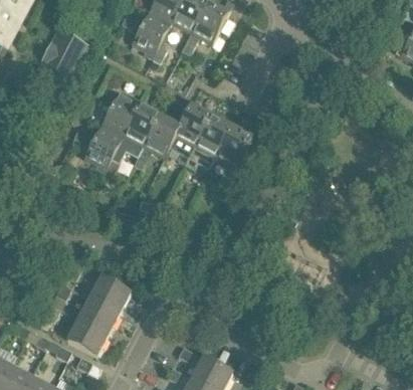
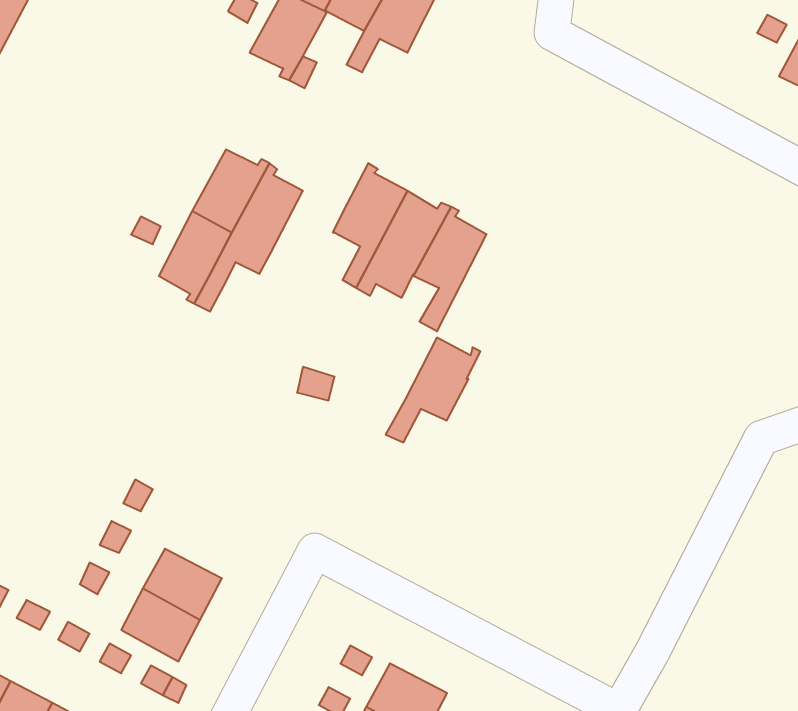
building: [37,28,86,85] -> none
building: [133,114,181,167] -> [386,338,480,442]
building: [88,273,130,311] -> none

